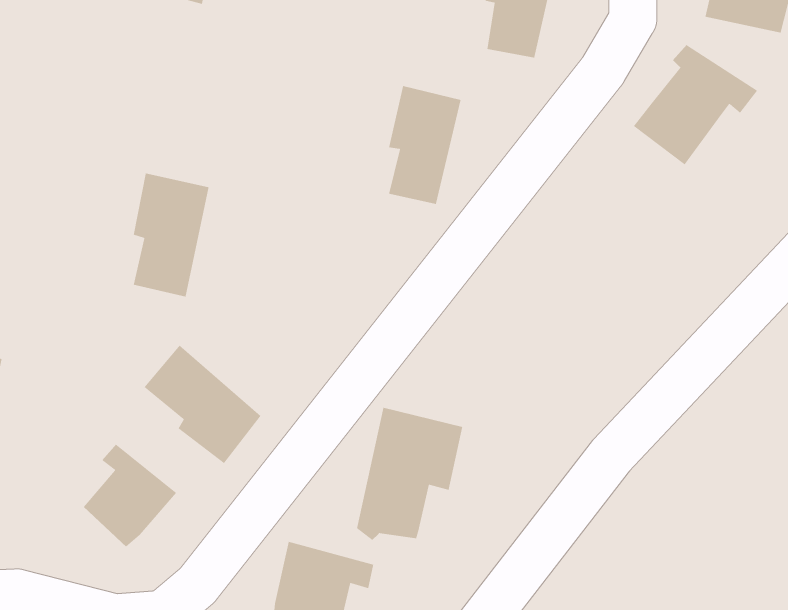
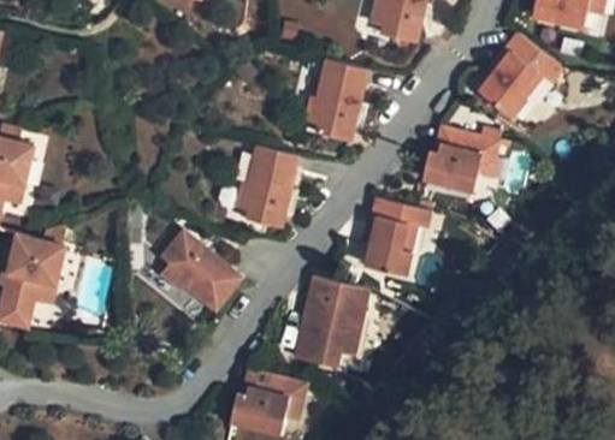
building: [133,173,209,298] -> [246,144,297,228]
building: none -> [422,127,501,189]
building: none -> [363,198,431,275]
building: [83,444,177,547] -> none

